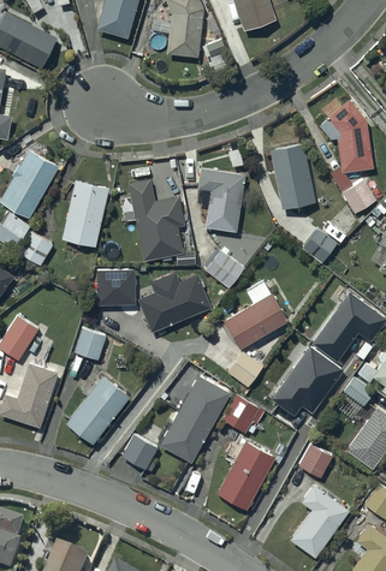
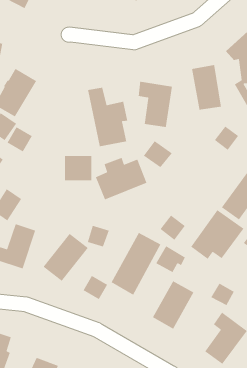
building: [61,180,109,246] -> none
building: [224,281,287,350] -> none
building: [75,328,106,359] -> [87,225,110,248]

